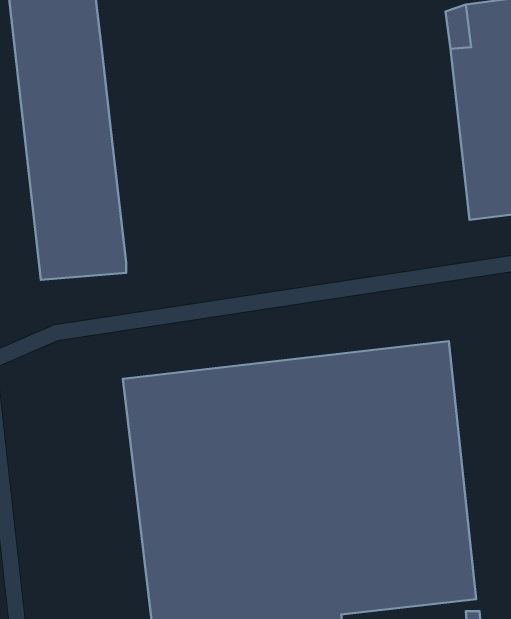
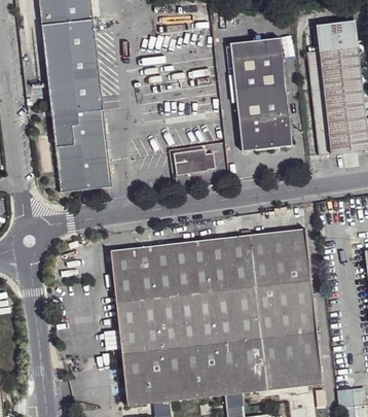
building: none -> [230,37,292,150]
building: none -> [174,148,215,174]

